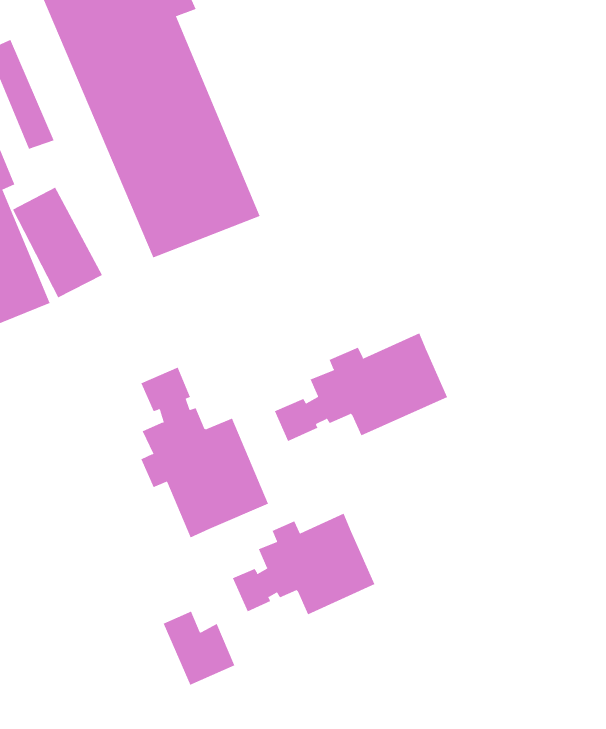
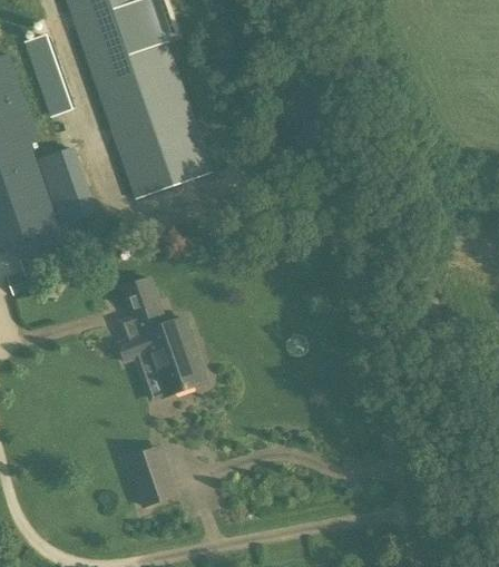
building: [274,333,448,442] -> none
building: [232,513,375,615] -> none

